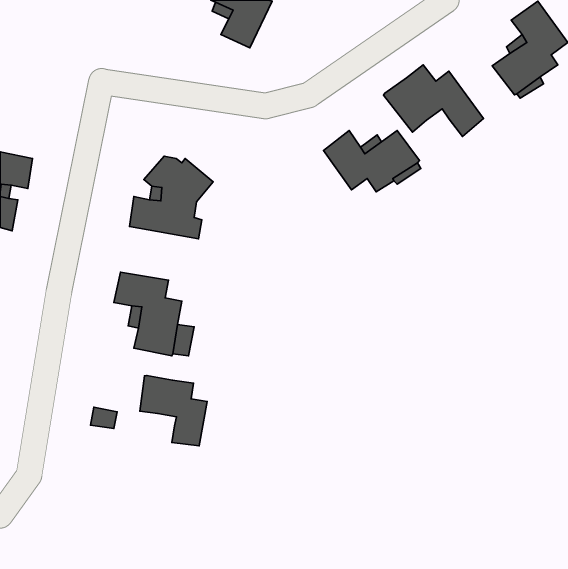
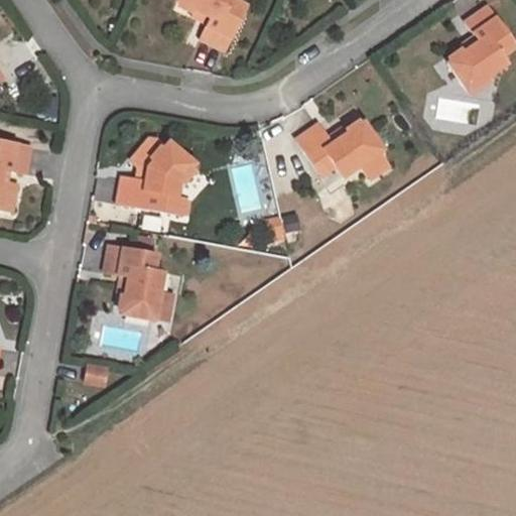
building: [384,65,484,137] -> none
building: [140,375,207,446] -> none

